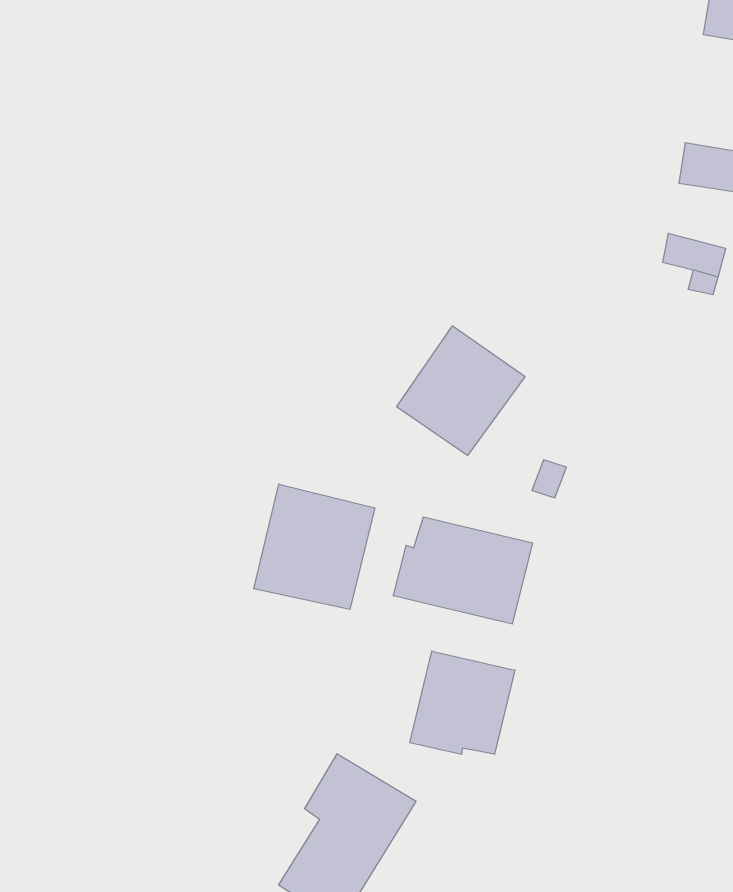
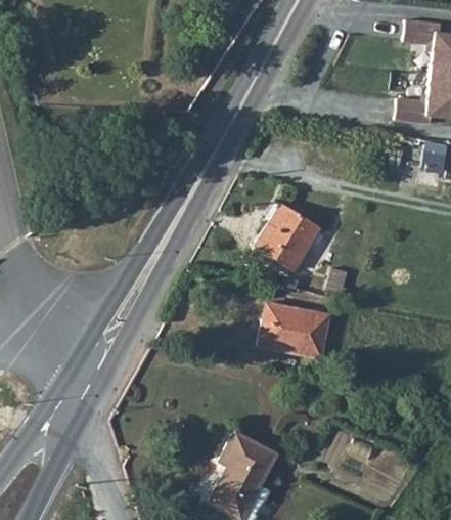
building: [254,484,375,609] -> none
building: [410,651,515,754] -> none

